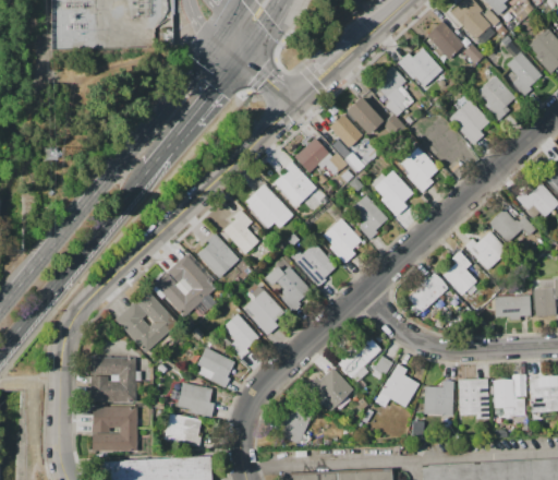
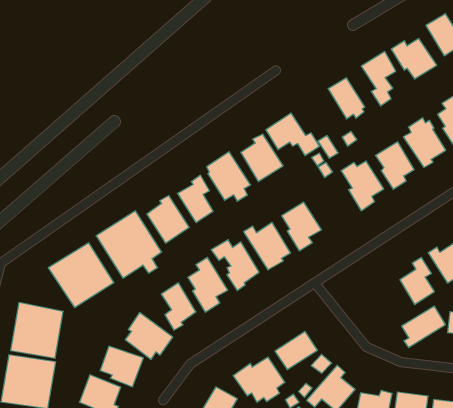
building: [329,113,363,147] -> none
building: [352,195,388,240] -> none
building: [407,273,447,315] -> [402,306,445,347]

